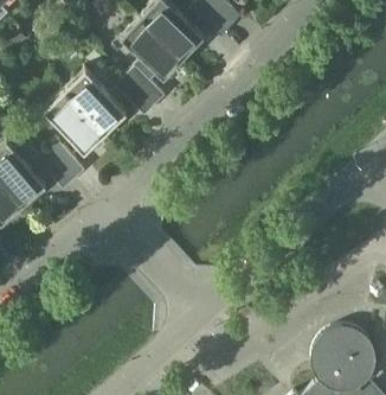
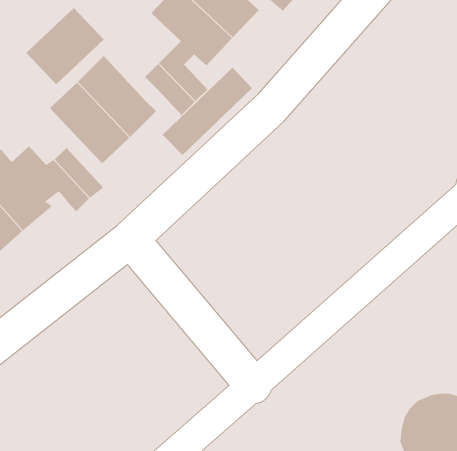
building: none -> [26,7,104,85]
building: none -> [162,67,253,156]

